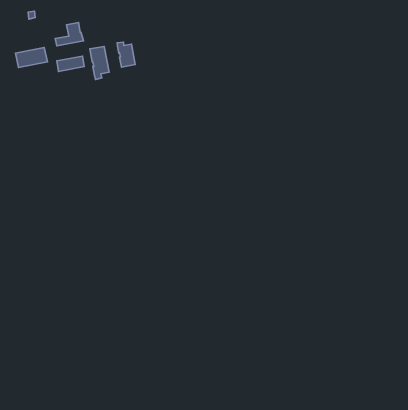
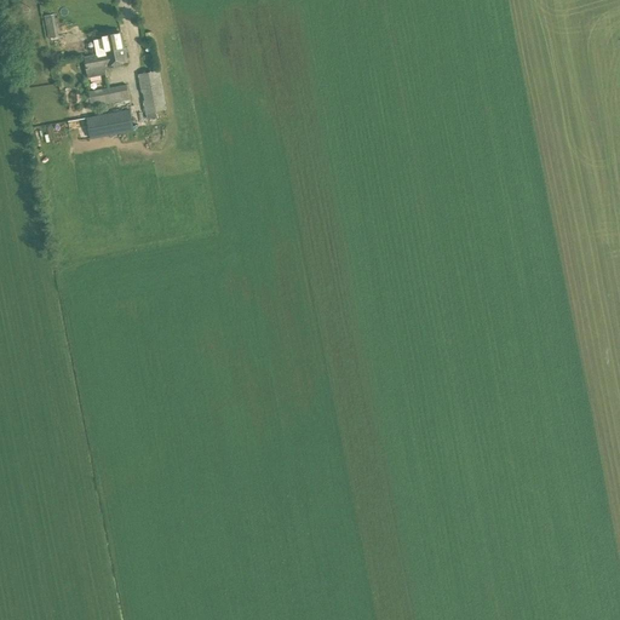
building: [117,42,135,67] -> none
building: [15,47,47,68] -> [84,109,132,139]

